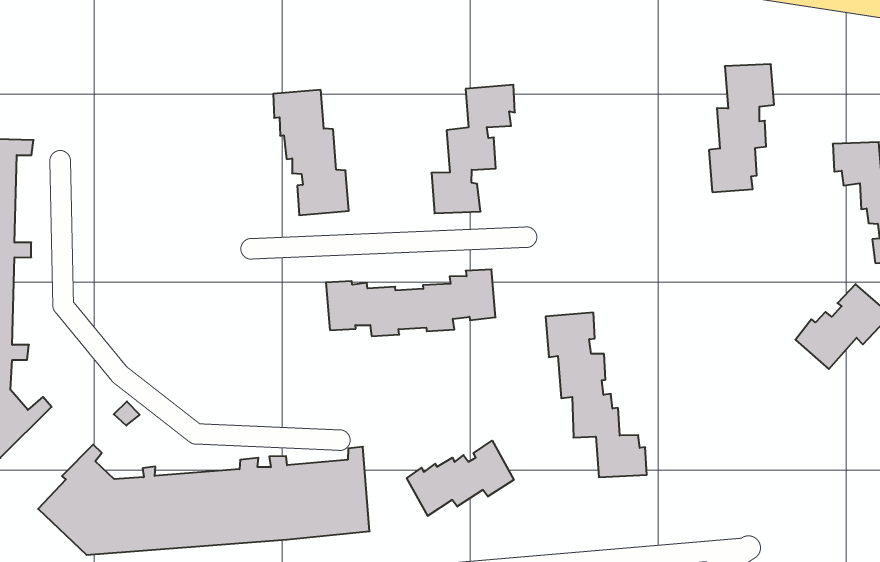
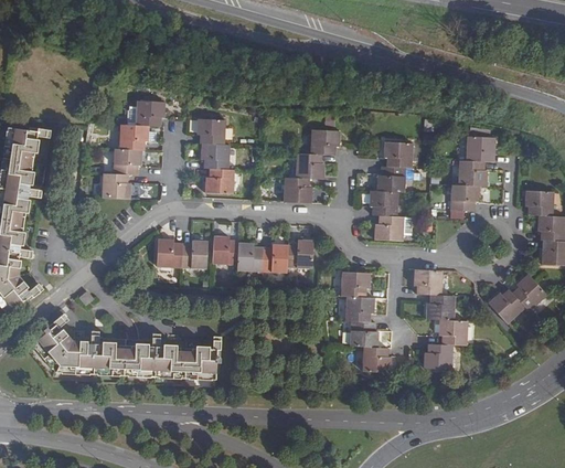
building: none -> [102,102,164,199]
building: none -> [370,141,412,242]
building: none -> [157,238,206,269]
building: none -> [414,269,468,370]
building: [407,441,514,516] -> none

